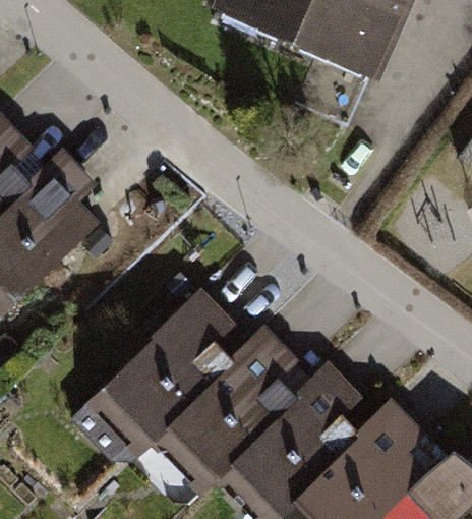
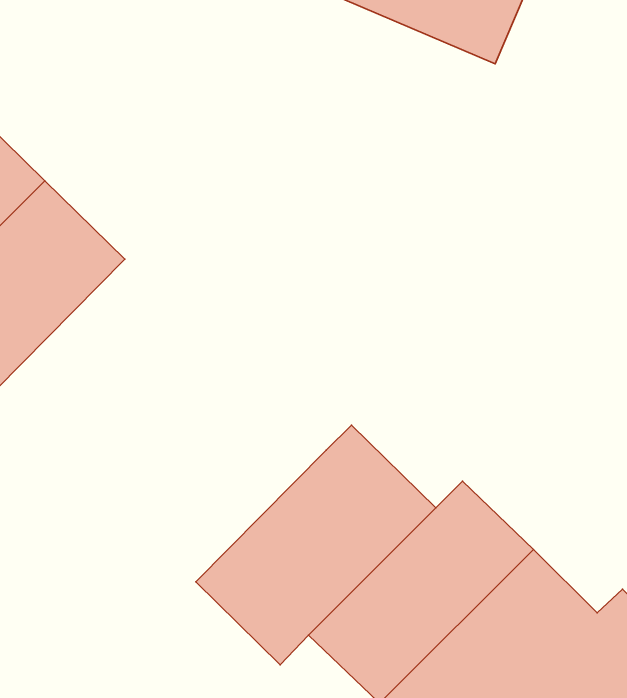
building: [78,290,250,462] -> none

